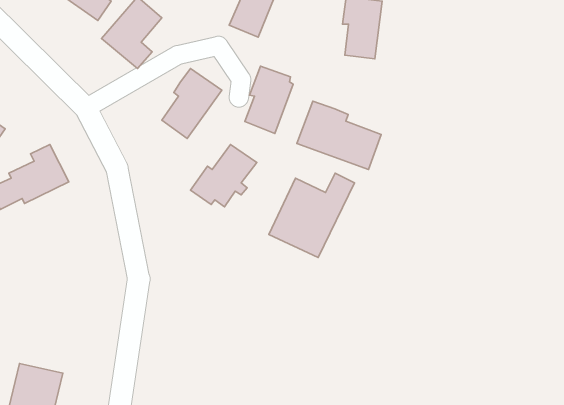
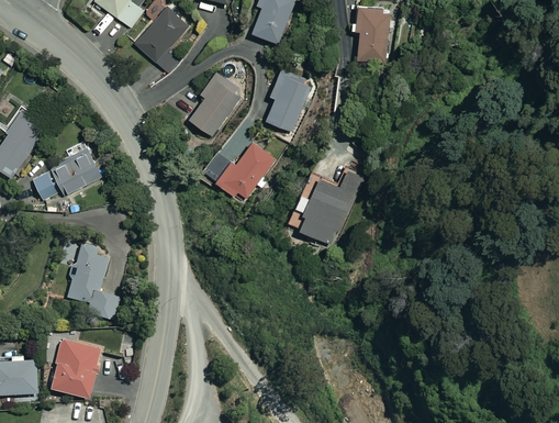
building: [297,101,381,169] -> none
building: none -> [67,245,120,320]

